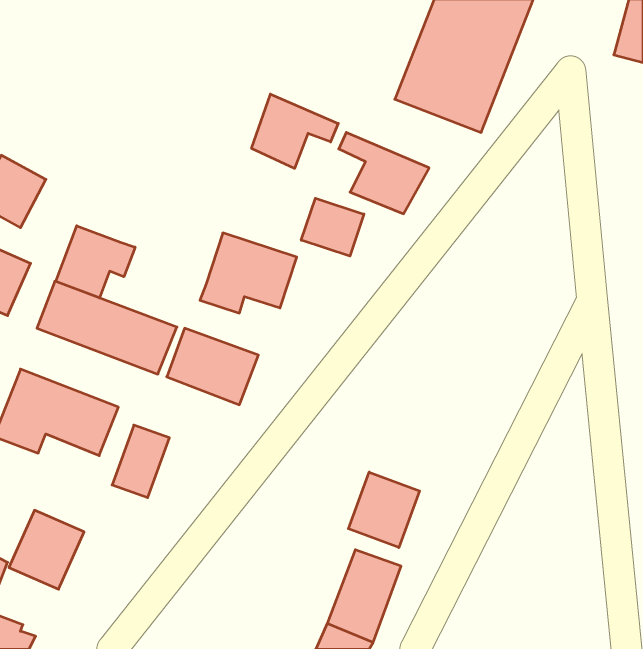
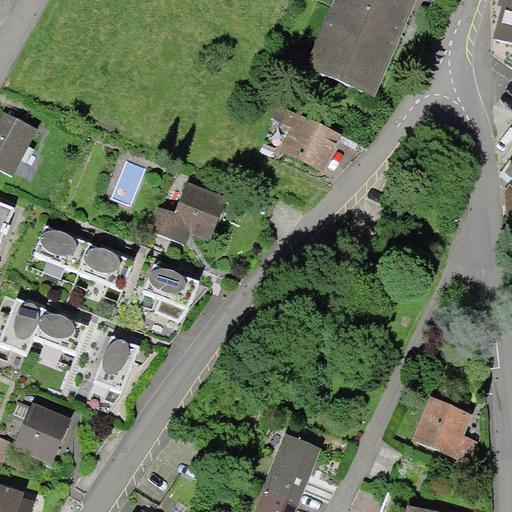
building: [252,94,338,168] -> none
building: [301,198,364,256] -> none
building: [56,226,135,298] -> none
building: [348,472,420,548] -> none
building: none -> [415,403,473,458]

